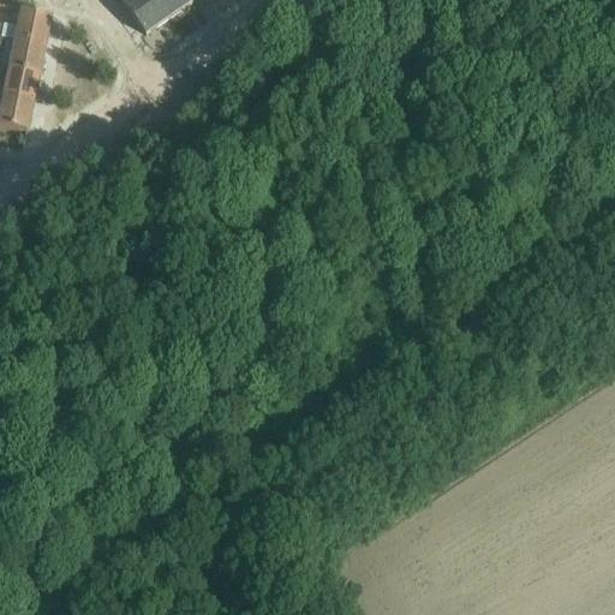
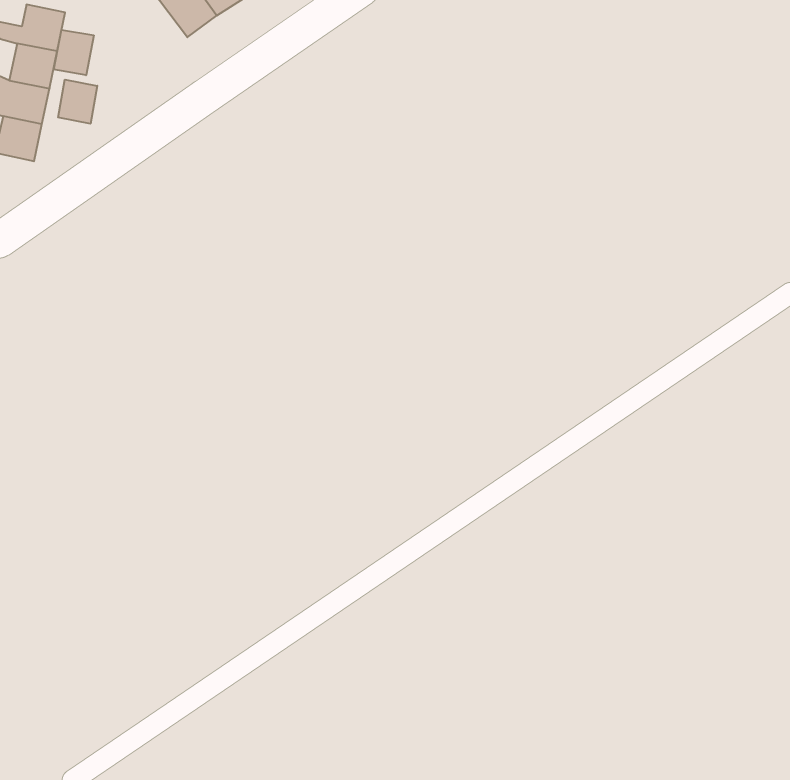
building: none -> [54,30,94,75]
building: none -> [58,80,97,124]

